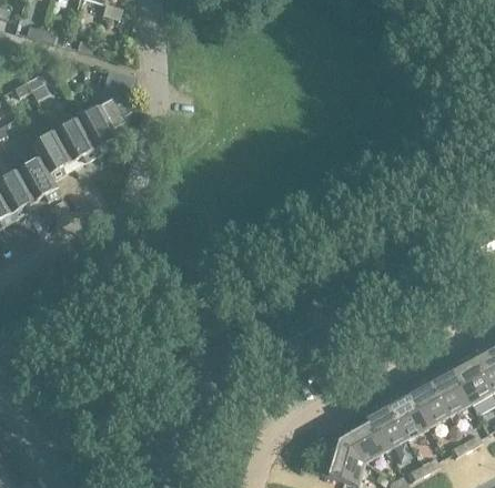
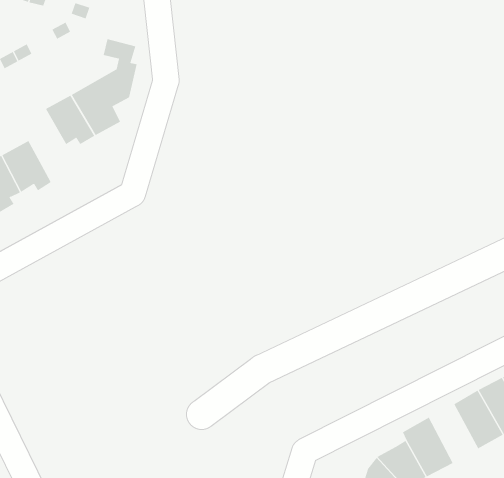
building: [32,133,72,182] -> none
building: [386,388,428,439] -> none

